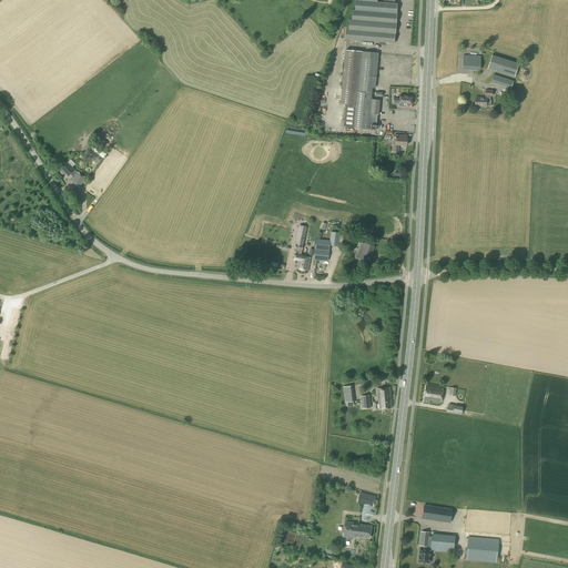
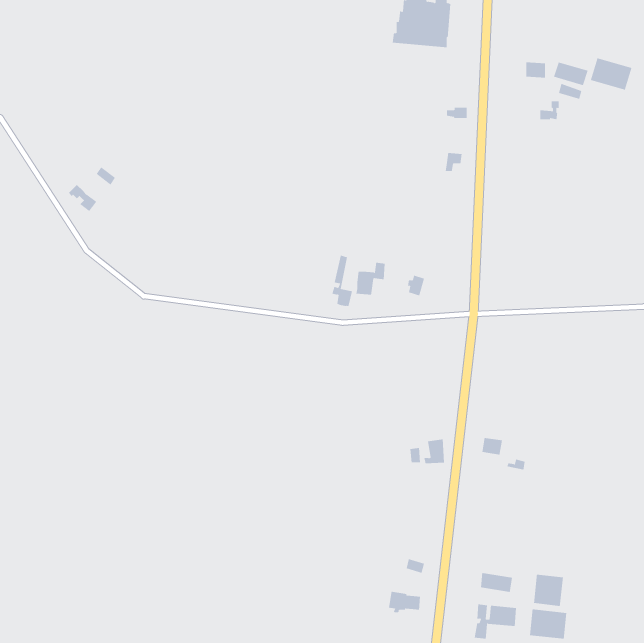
building: [339,49,377,129] -> none
building: none -> [590,57,632,91]
building: none -> [533,574,564,607]

